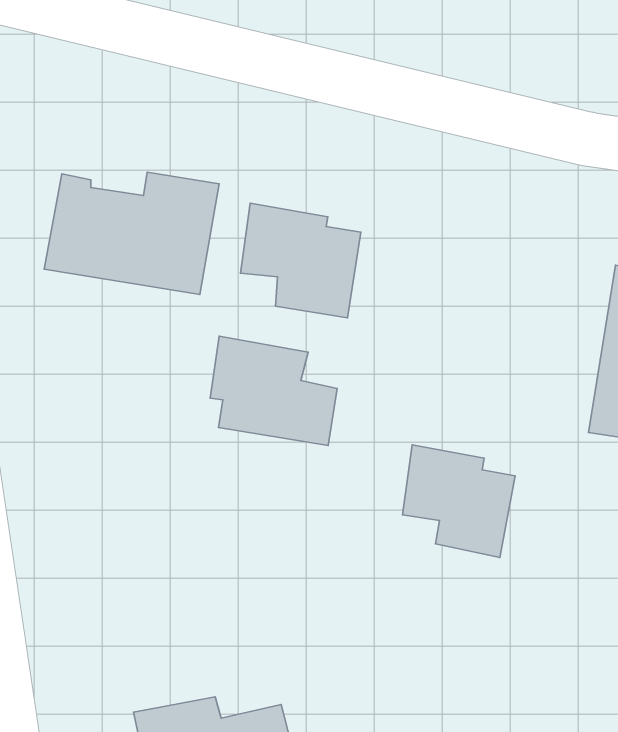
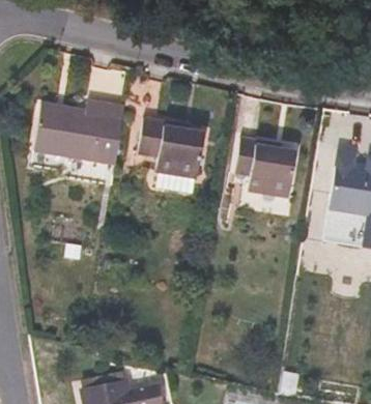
building: [210,336,337,445] -> none
building: [403,445,515,557] -> [235,137,295,197]

